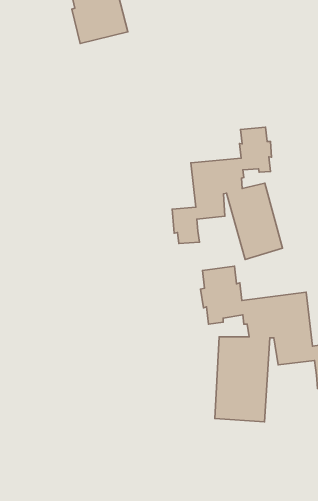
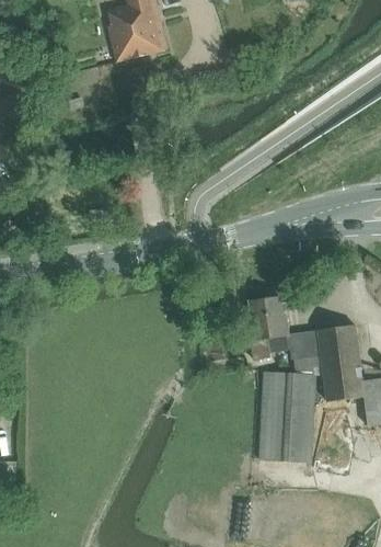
building: [172,127,282,260] -> none

